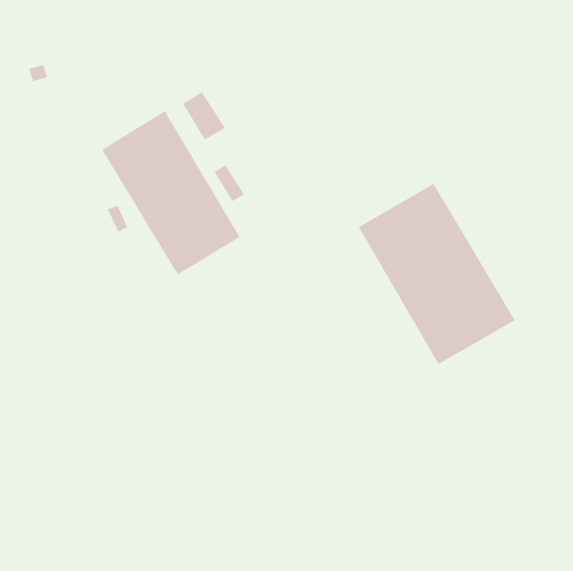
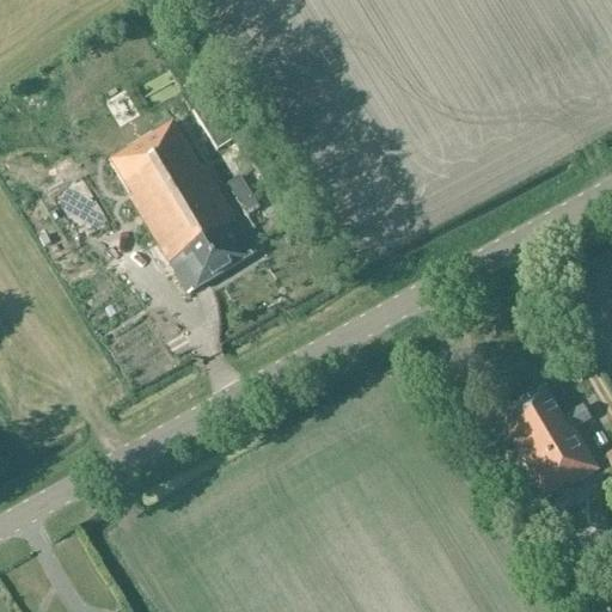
building: [358,183,516,365] -> none
building: none -> [497,386,596,496]

